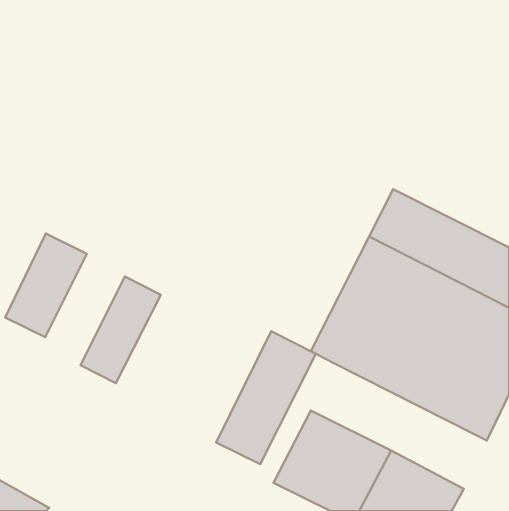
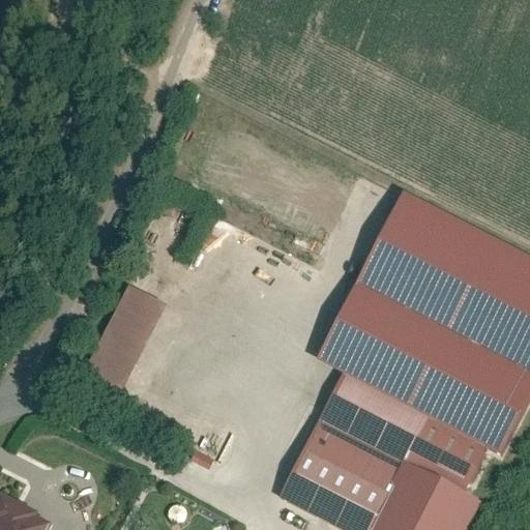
building: [5,234,87,337] -> none
building: [216,331,316,464] -> none
building: none -> [320,374,489,496]

